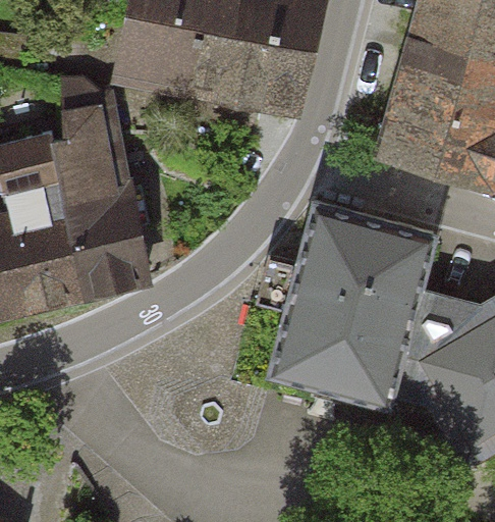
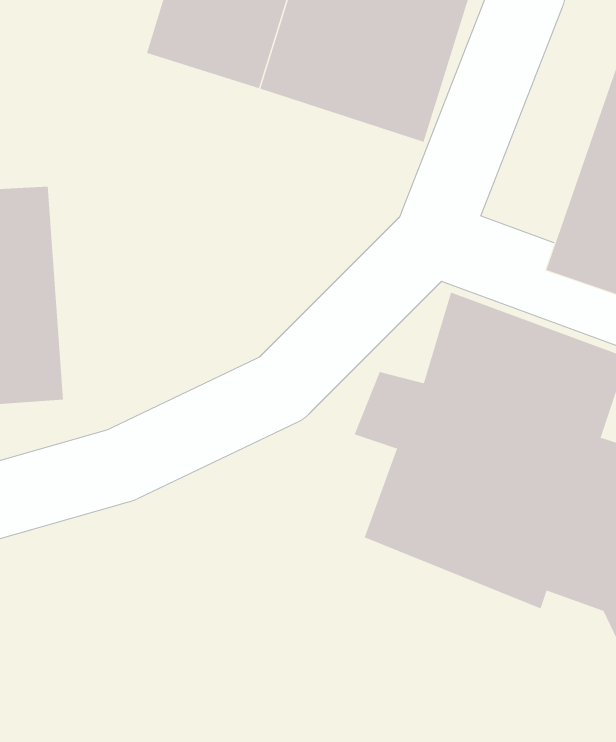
building: [40,106,147,293] -> none

